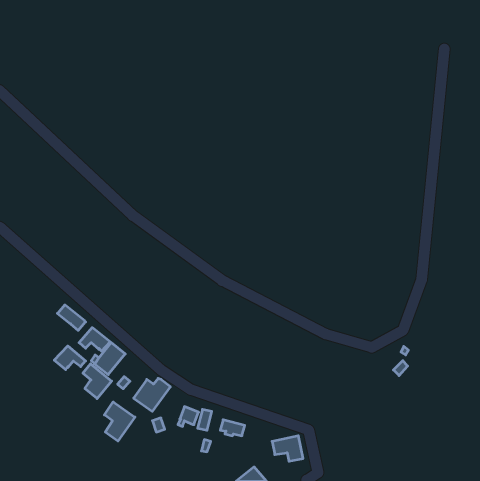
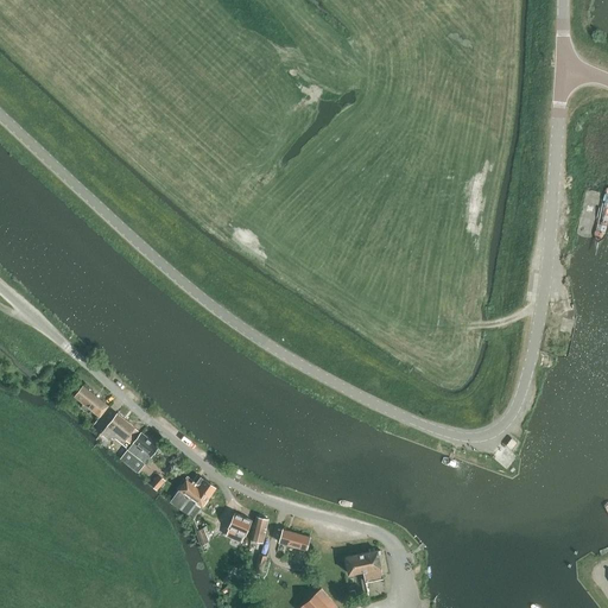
building: [54,346,86,370] -> none
building: [83,364,112,399] -> none
building: [104,402,135,441] -> none

